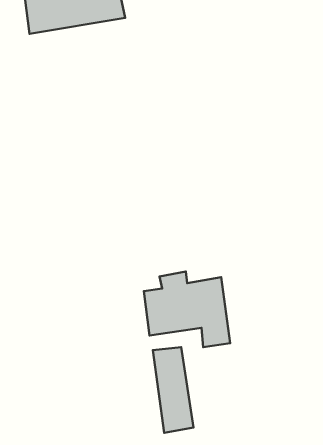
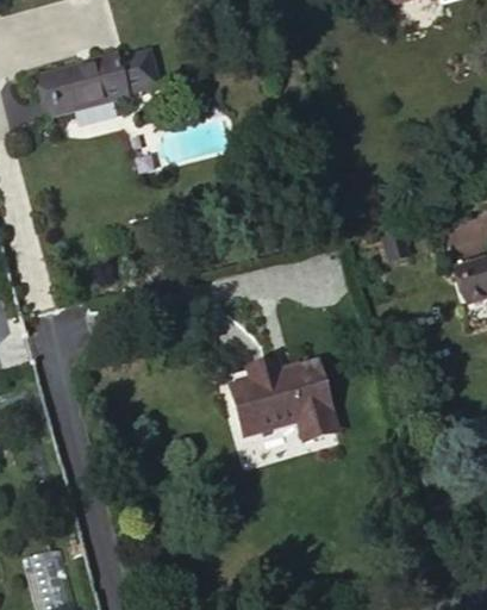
building: [153,347,194,433] -> none

